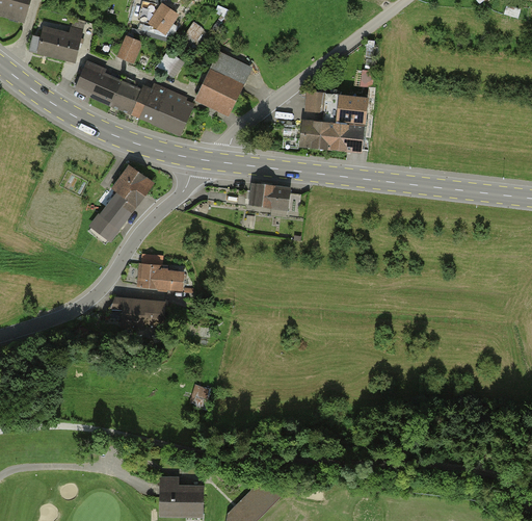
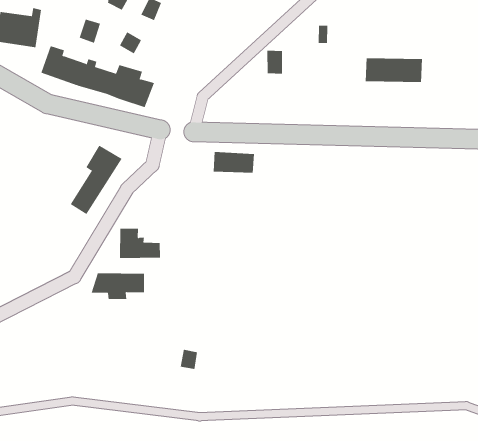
building: [200,53,249,109] -> none
building: [341,97,367,121] -> none
building: [302,121,364,151] -> [365,58,423,82]

